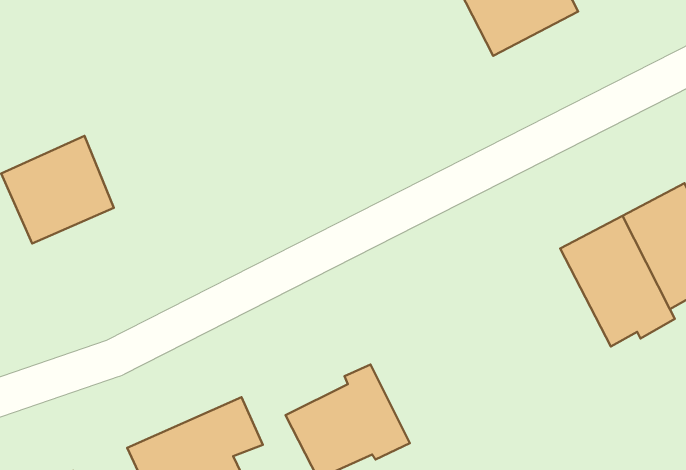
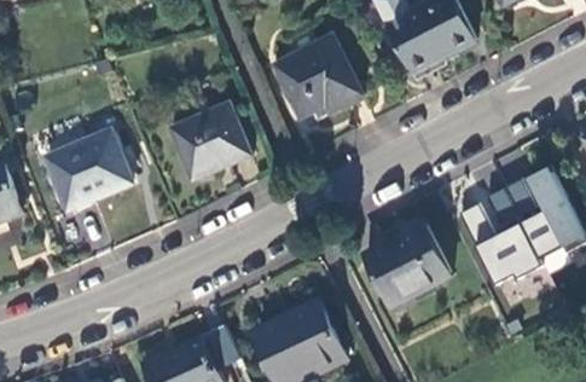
building: none -> [273,35,359,116]
building: none -> [170,104,253,179]
building: none -> [366,221,452,306]

